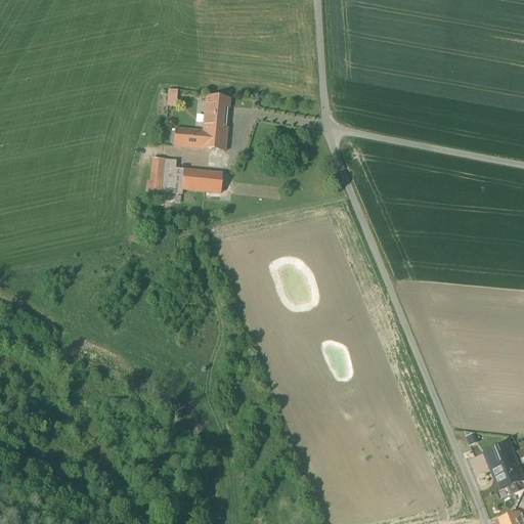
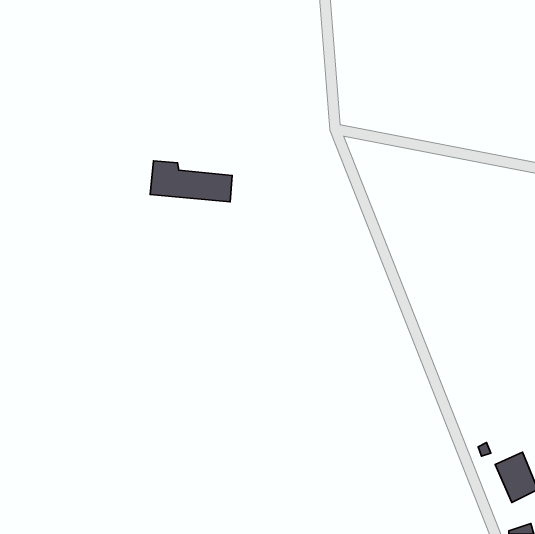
building: [172,94,230,149] -> none

